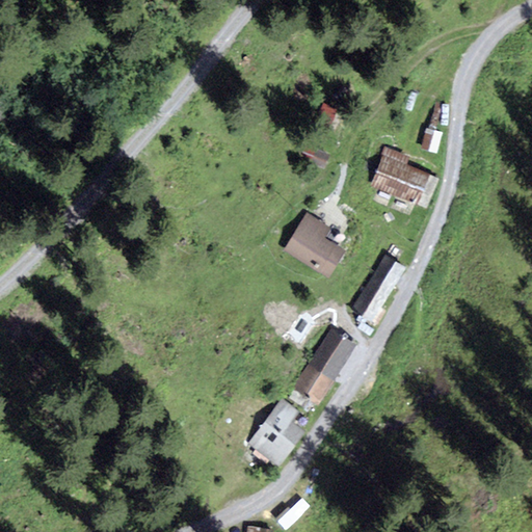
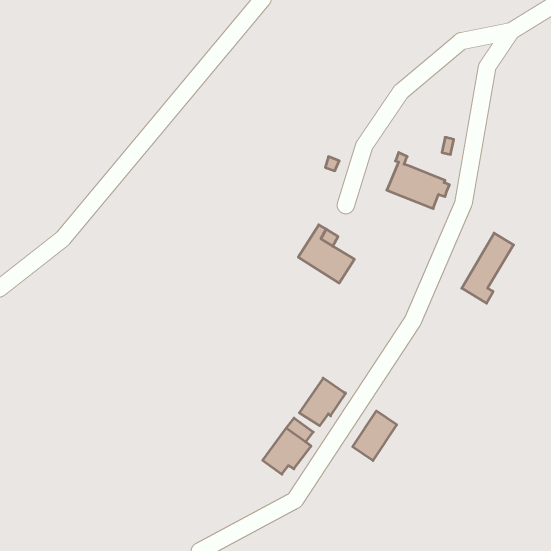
building: [353,255,403,322] -> [462,233,514,303]
building: [311,329,353,377] -> [353,411,397,461]

